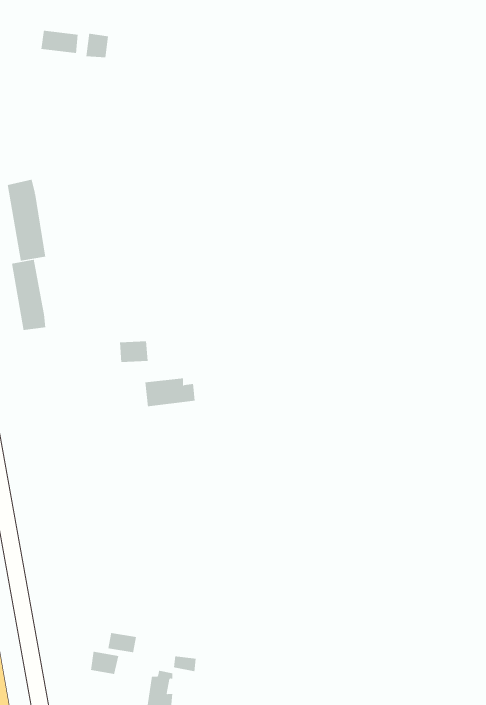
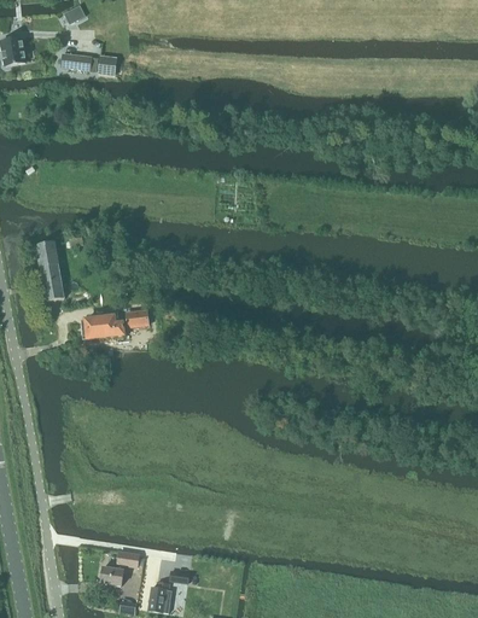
building: [7,179,46,261] -> none
building: [144,378,195,407] -> [84,314,127,338]

